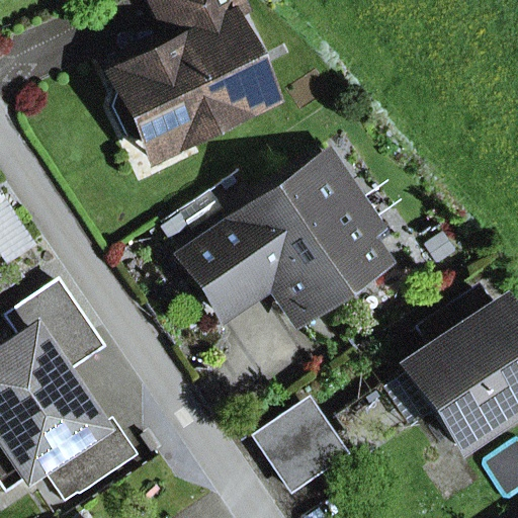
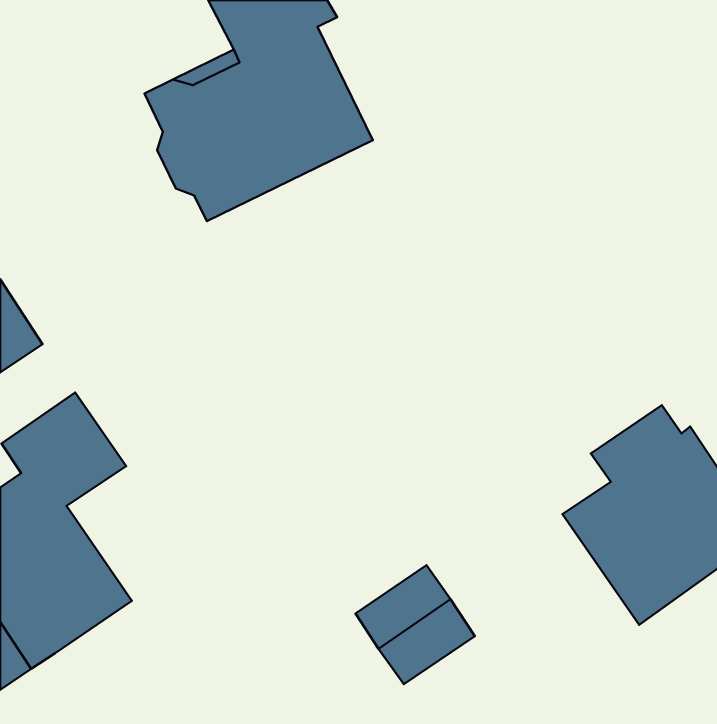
building: [183,160,381,316] -> none
building: [45,421,135,501] -> none

